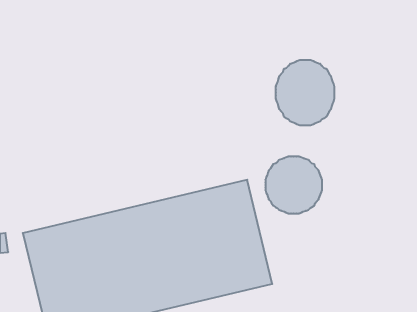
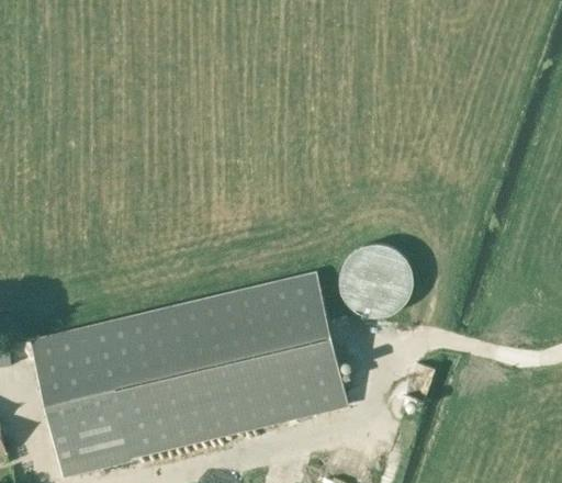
building: [276,60,334,125] -> none

